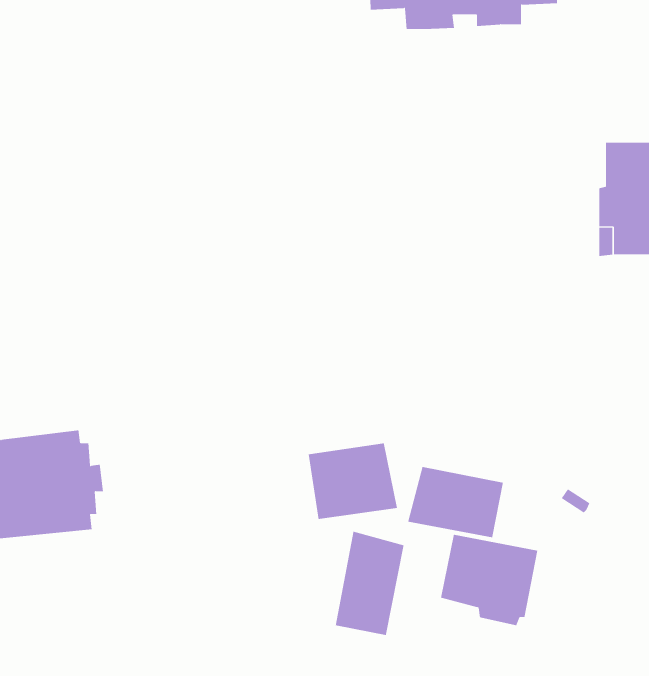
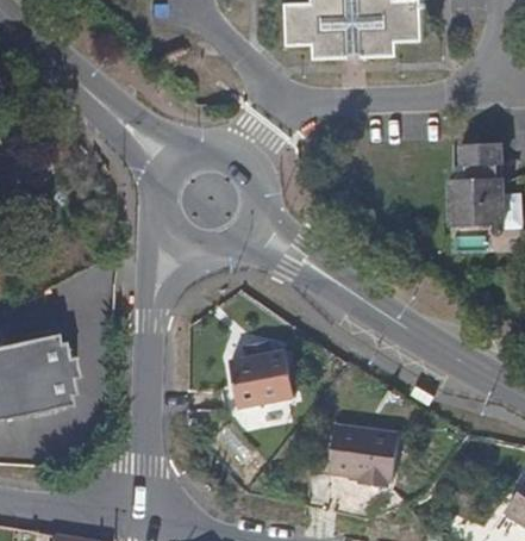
building: [408,466,503,538] -> none
building: [335,531,404,636] -> none

